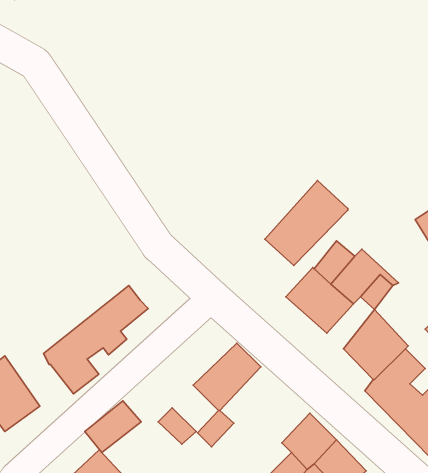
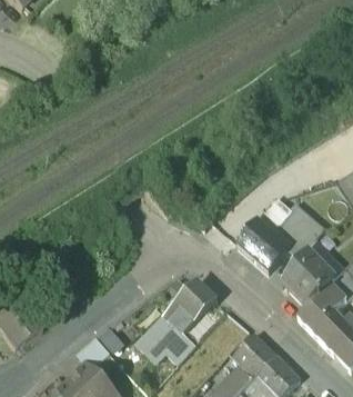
building: [265,181,348,266] -> none
building: [44,286,148,394] -> none
building: none -> [147,311,183,349]

